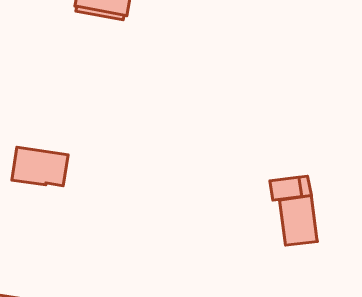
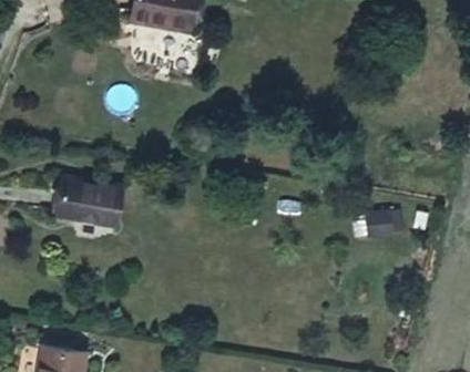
building: [279,196,318,245] -> none

